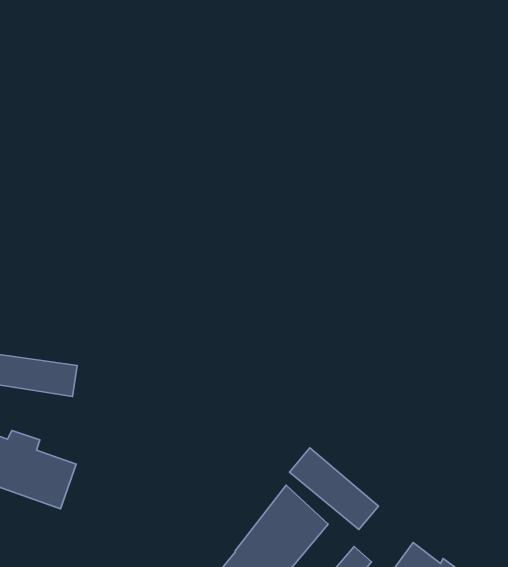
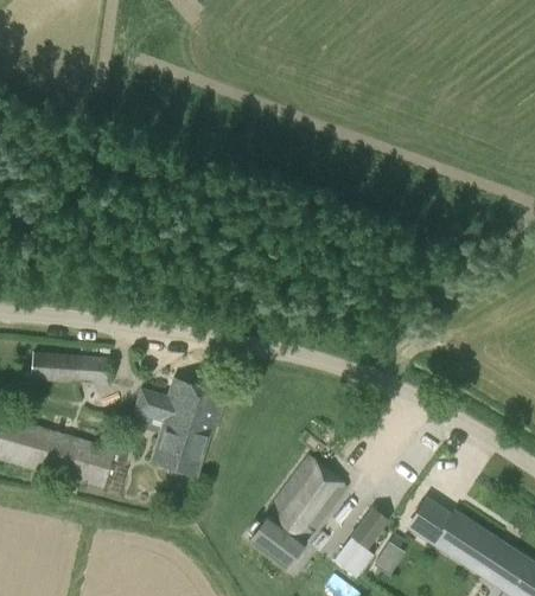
building: none -> [133,377,227,475]
building: [289,448,378,530] -> none

